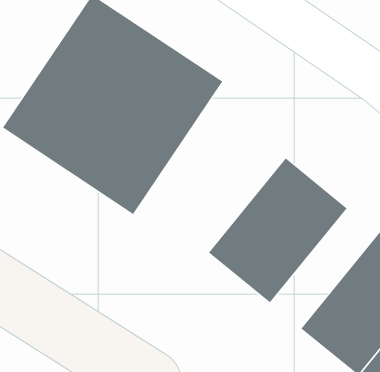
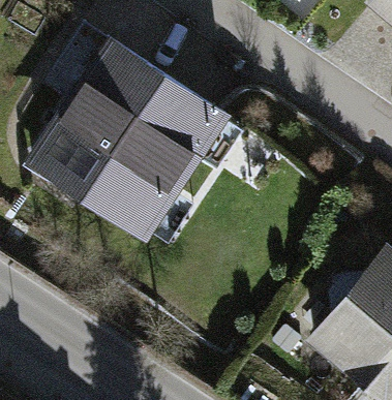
building: [208,158,347,303] -> none

